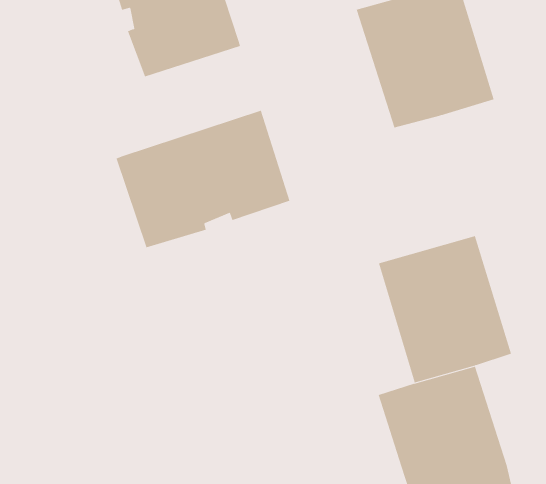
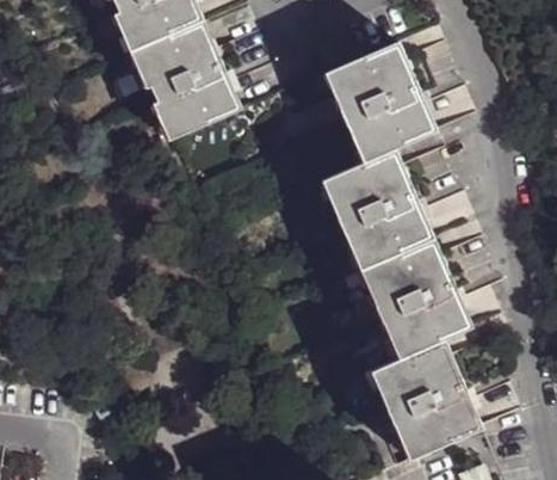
building: [116,110,290,248] -> none
building: none -> [323,148,434,267]

